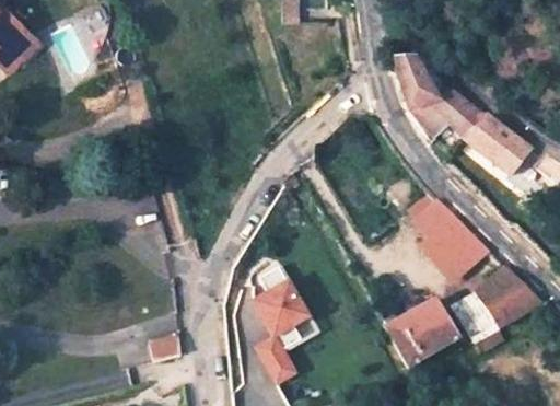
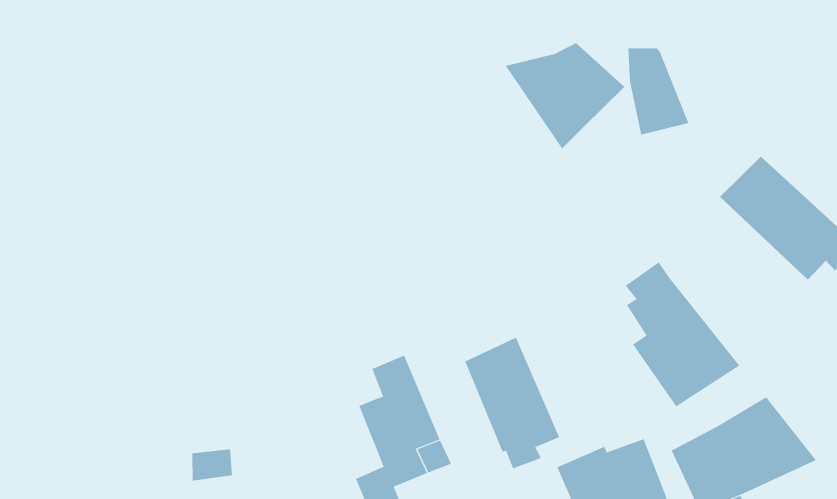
building: [410,92,487,160] -> [505,42,625,149]
building: none -> [465,337,560,469]

